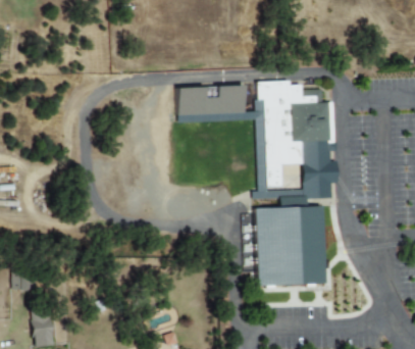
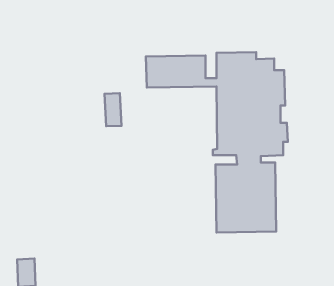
building: none -> [104,93,121,126]

